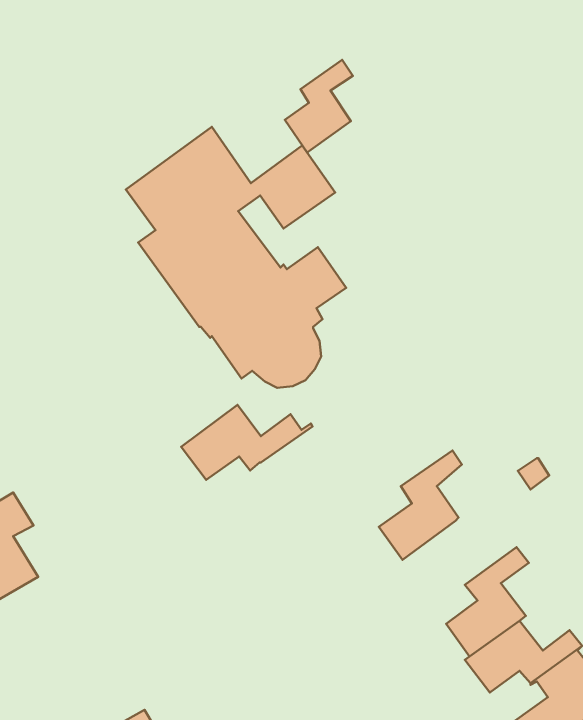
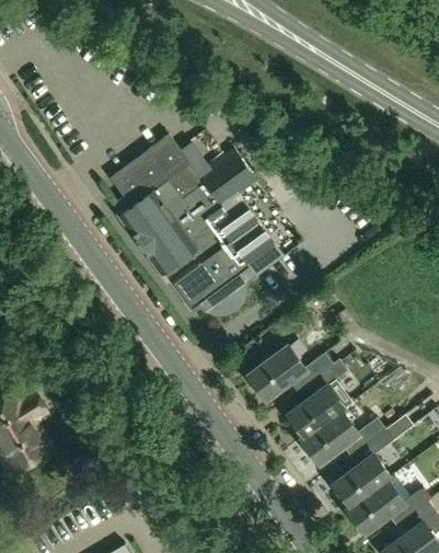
building: [285,60,353,153] -> none
building: [181,405,313,480] -> [247,345,339,398]
building: none -> [302,410,384,462]

